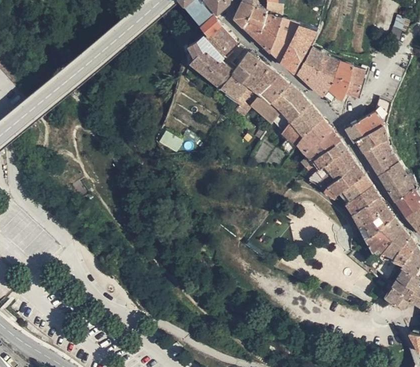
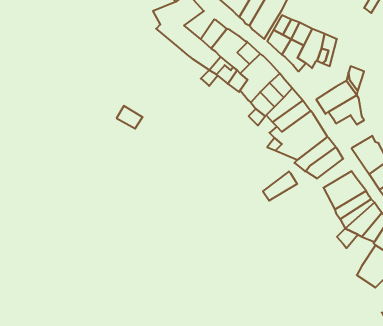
building: [365,144,400,177] -> none
building: [347,186,380,214] -> [263,171,297,201]

